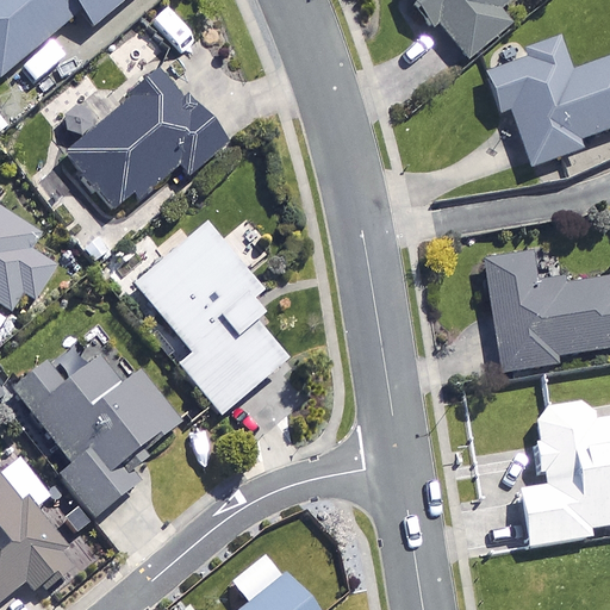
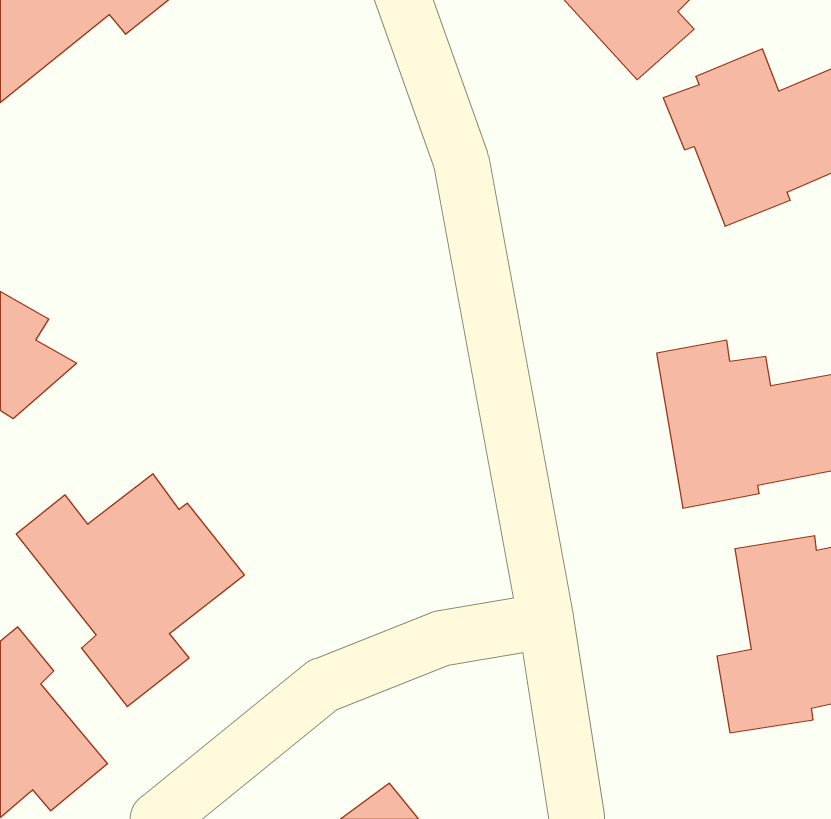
building: [63,70,226,218] -> none
building: [136,225,287,413] -> none

